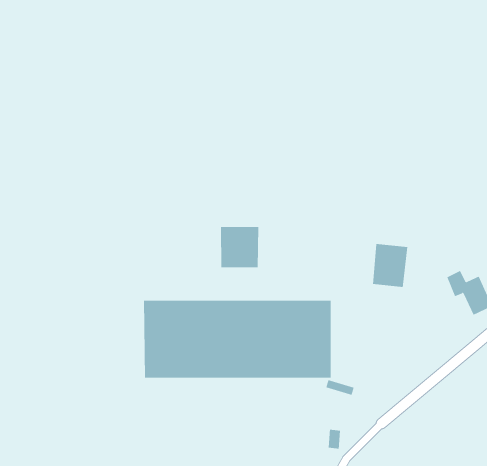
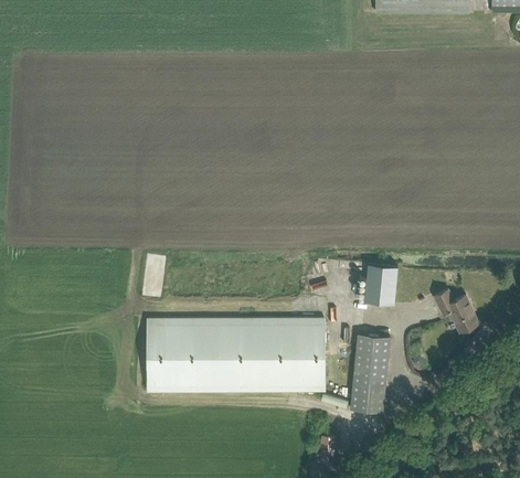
building: [220,226,259,268] -> none
building: none -> [350,333,390,412]

